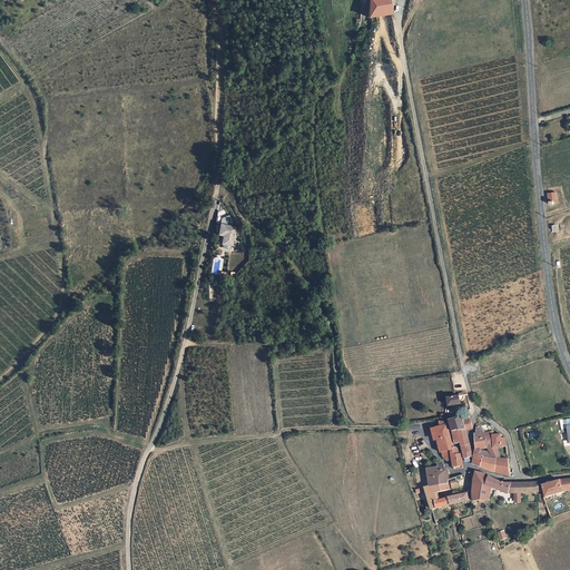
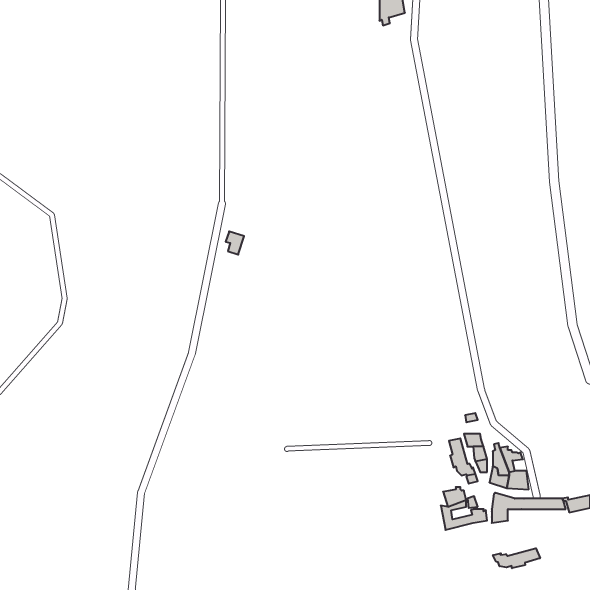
building: none -> [493,548,540,568]

